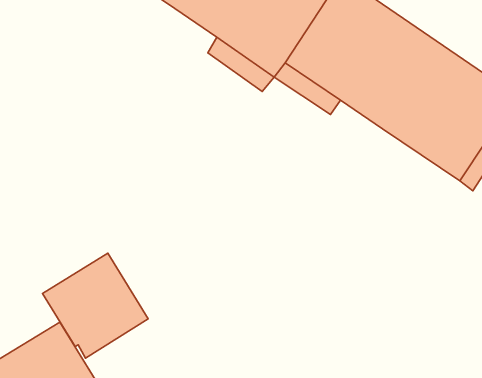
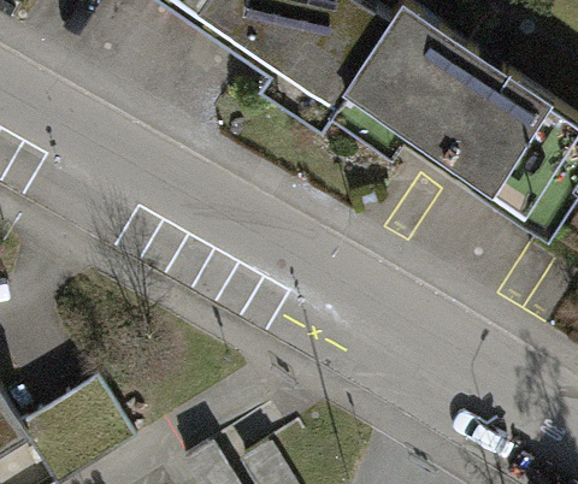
building: [42,253,148,358] -> none

